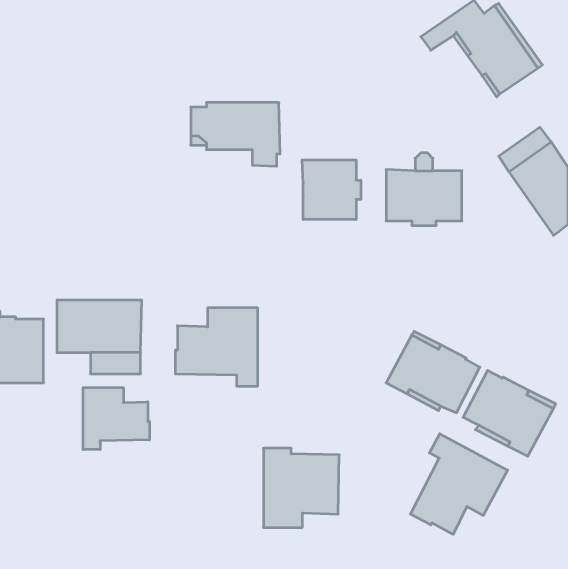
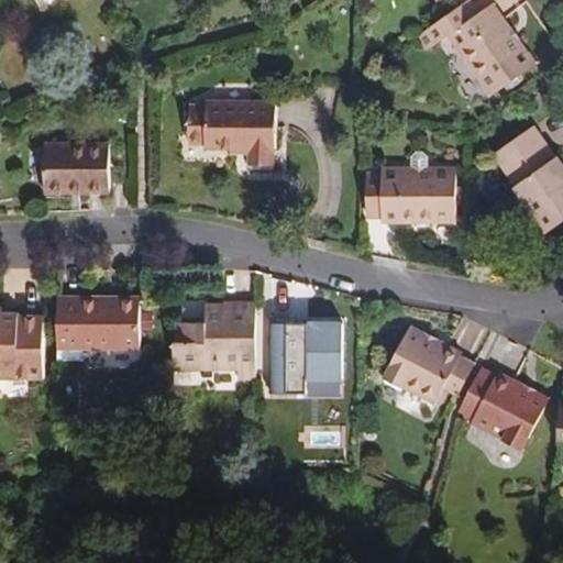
building: none -> [43,143,109,195]
building: [302,160,361,220] -> none
building: [83,388,149,450] -> none
building: [410,434,508,534] -> none
building: [263,448,339,527] -> [268,316,343,394]

